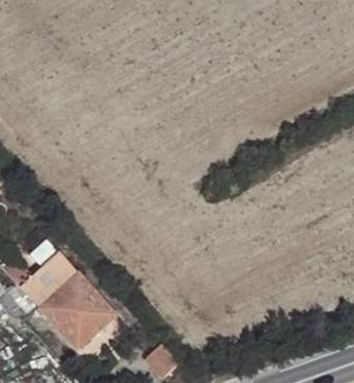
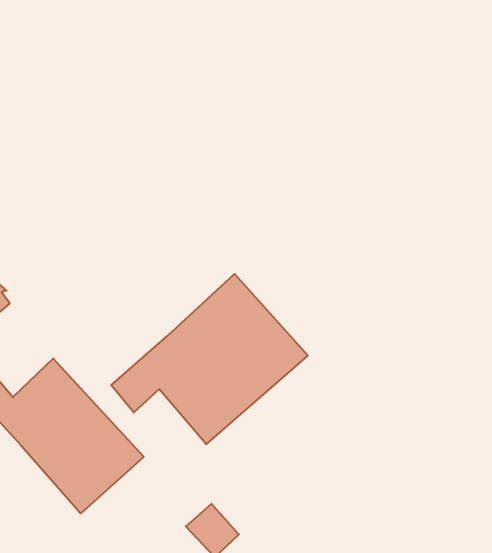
building: none -> [111,274,308,444]

